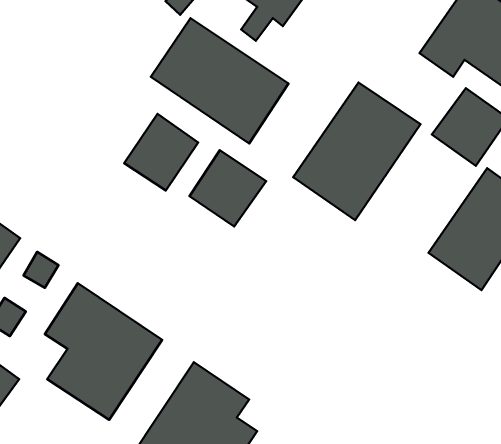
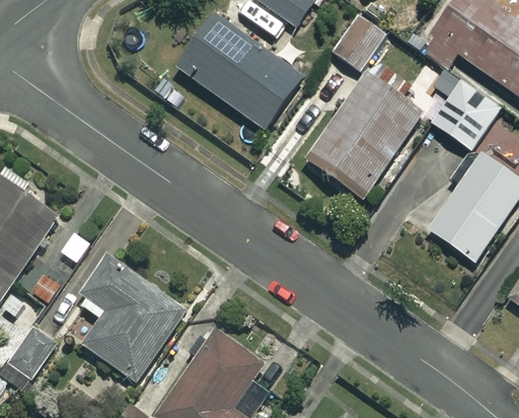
building: none -> [330,19,381,73]
building: [124,114,198,190] -> none
building: [189,150,266,227] -> none

